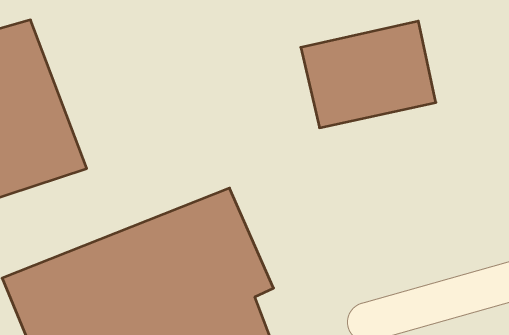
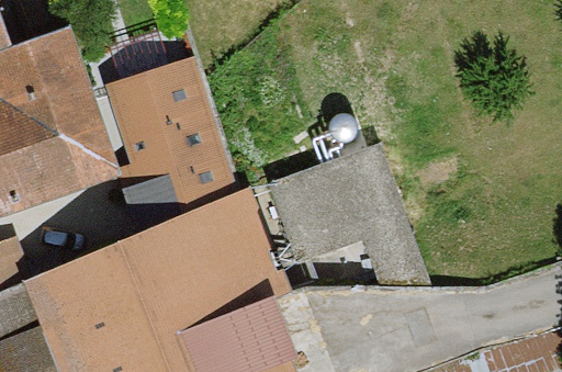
building: [301,21,436,128] -> [276,139,411,246]
building: none -> [101,67,224,211]

